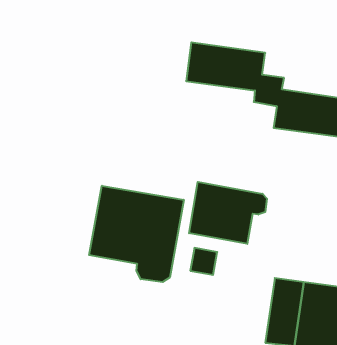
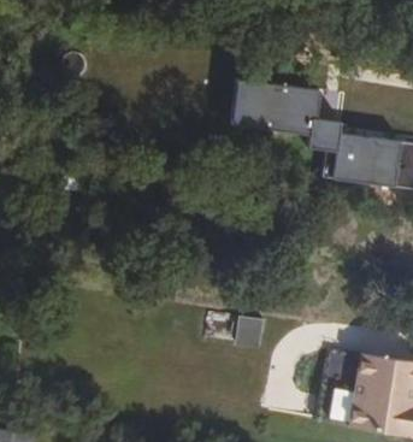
building: [189,182,267,244] -> none
building: [89,186,184,282] -> none

